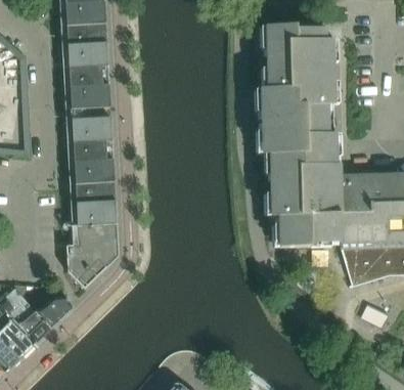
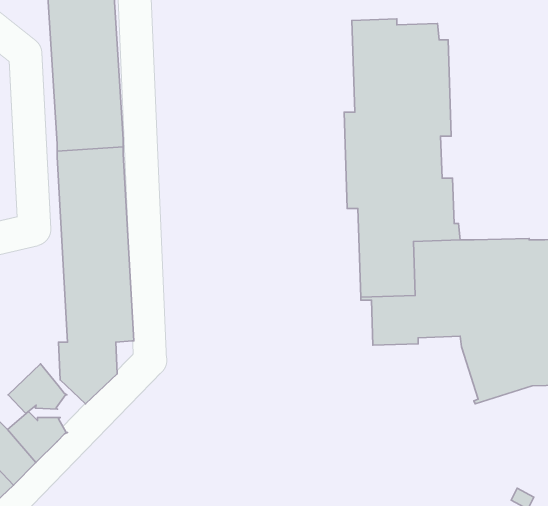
building: none -> [8,364,67,413]

